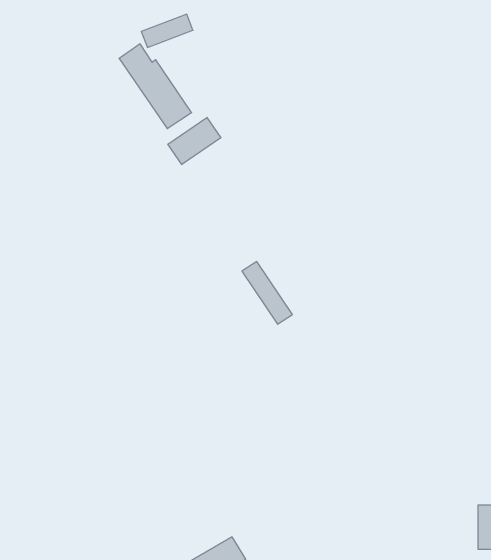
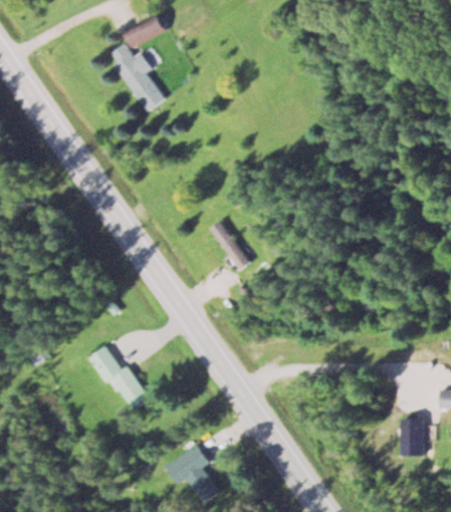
building: [168,117,221,165] -> none
building: none -> [90,342,147,413]

